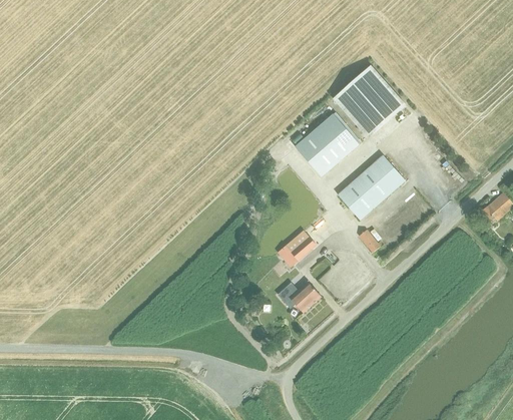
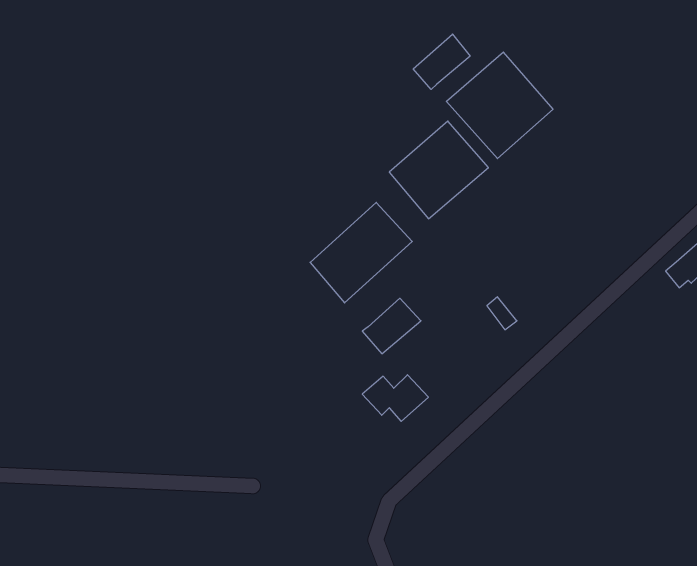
building: none -> [413,34,470,89]
building: [338,154,406,222] -> [310,202,412,303]

